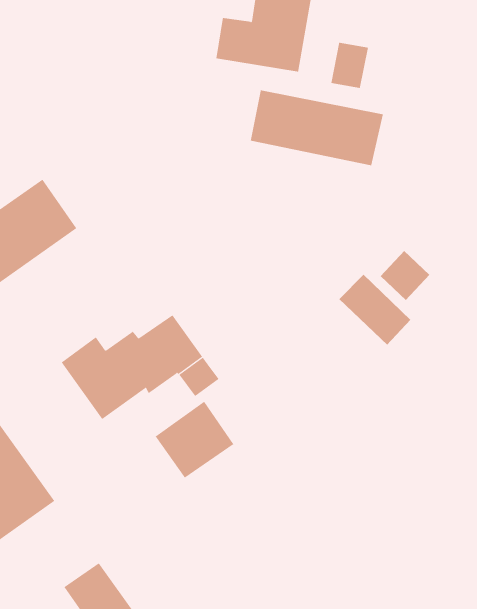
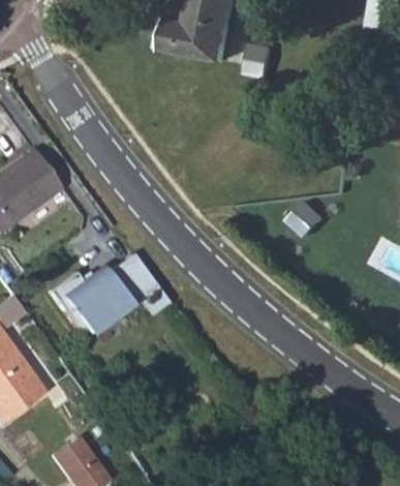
building: [250,89,383,166] -> none
building: [338,274,411,345] -> none
building: [155,401,234,478] -> none

